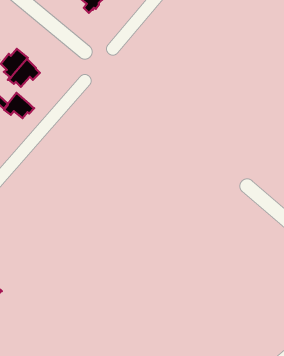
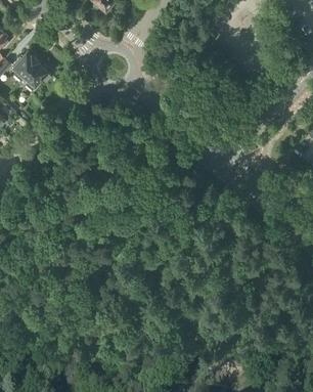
building: [4,93,34,118] -> none

